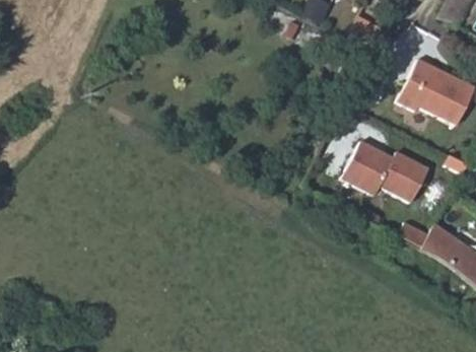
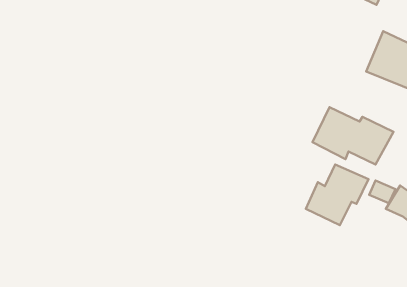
building: none -> [306,165,368,225]

